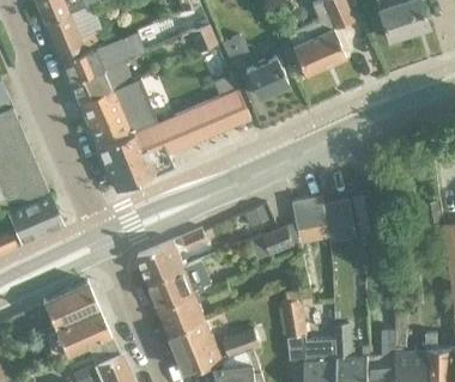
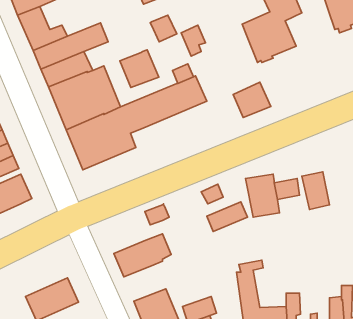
building: [247,57,287,96] -> [233,82,271,118]
building: none -> [120,50,159,88]
building: [139,242,184,283] -> none
building: [160,281,232,334] -> none
building: [42,283,99,329] -> none

